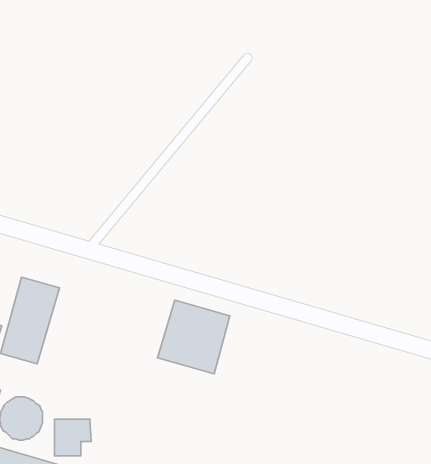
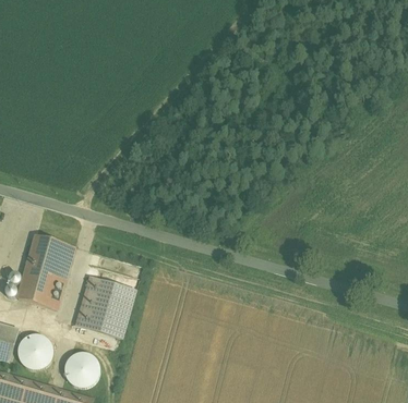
building: [158,300,230,374] -> [74,277,134,338]

